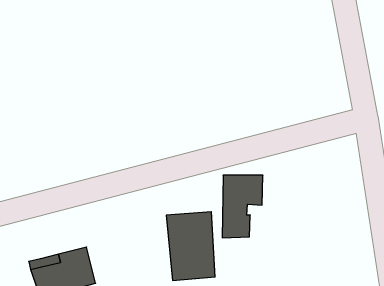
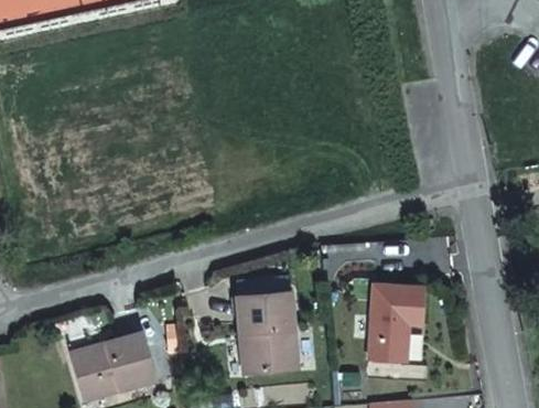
building: [222,175,263,238] -> [376,289,425,365]

